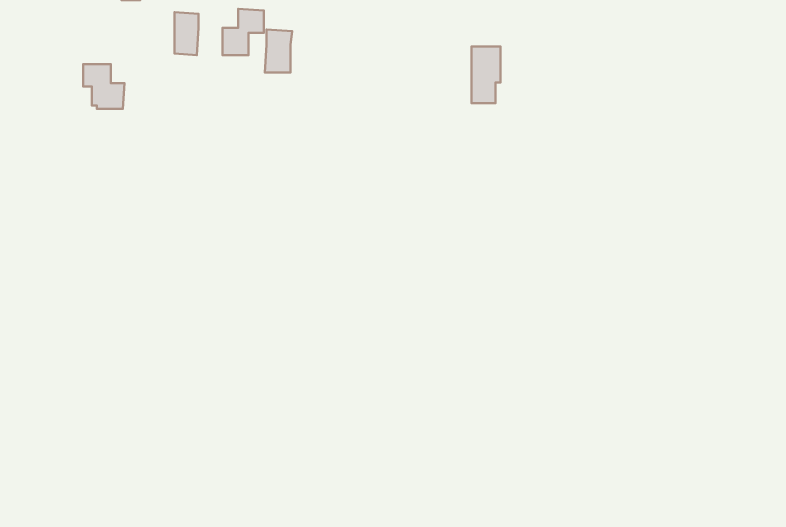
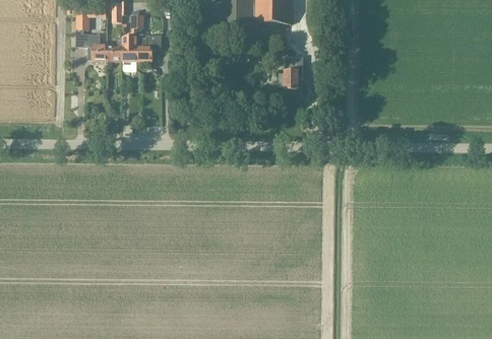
building: [265,30,292,72] -> [122,35,138,60]
building: [83,64,124,109] -> [84,32,109,59]

